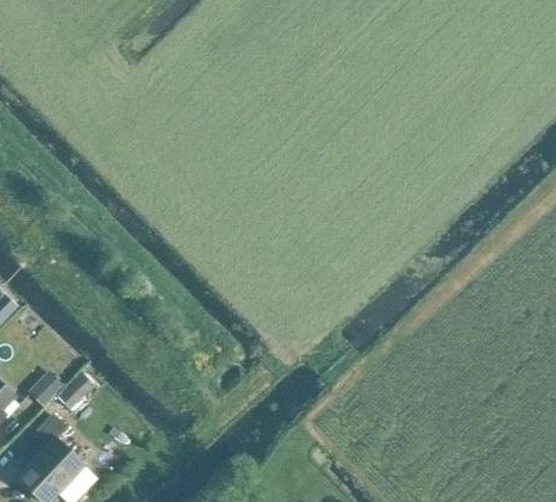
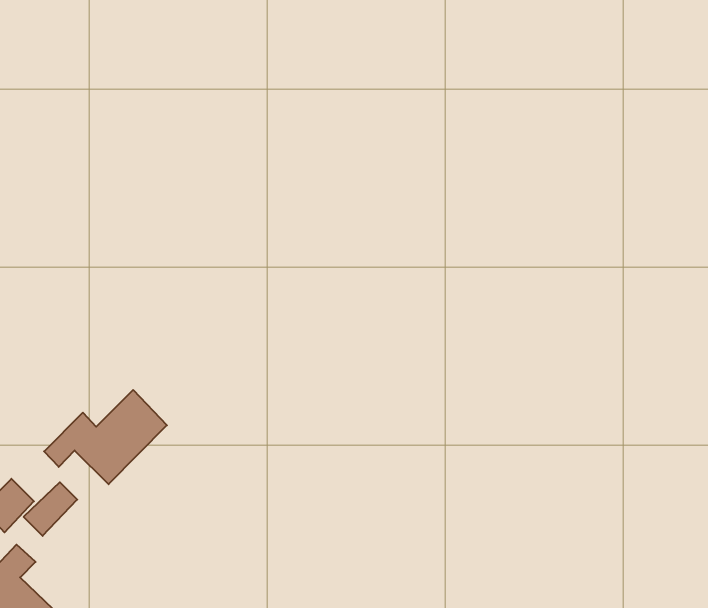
building: none -> [44,390,167,484]

